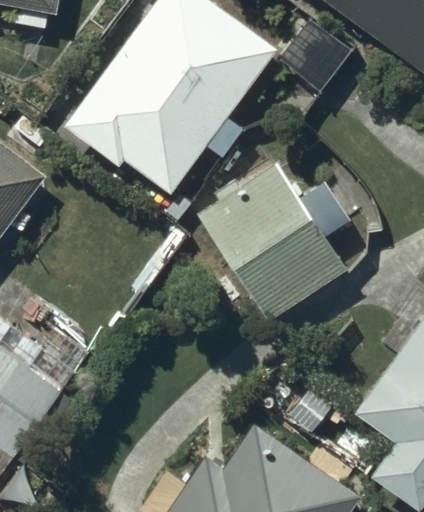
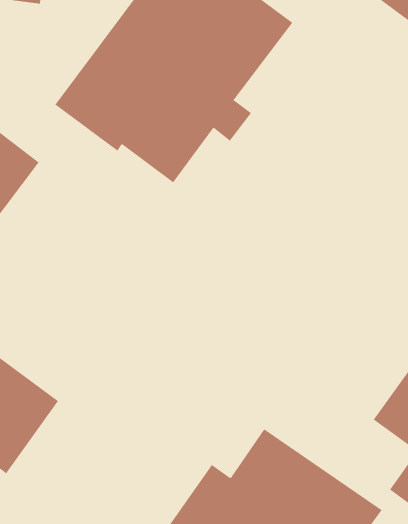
building: [197,161,352,321] -> none

